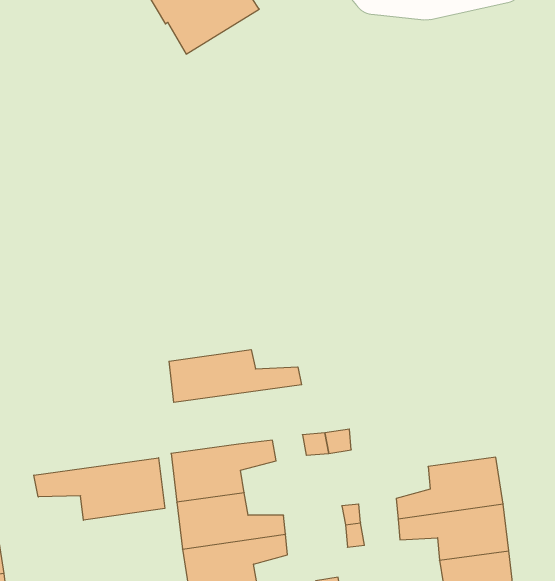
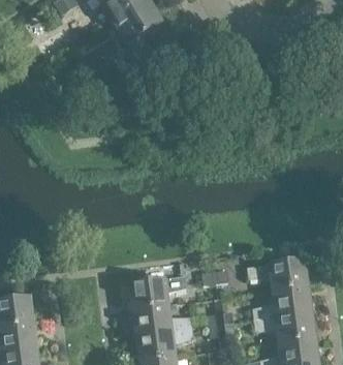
building: [169,350,302,402] -> none
building: none -> [246,256,307,288]
building: [34,458,165,520] -> none

